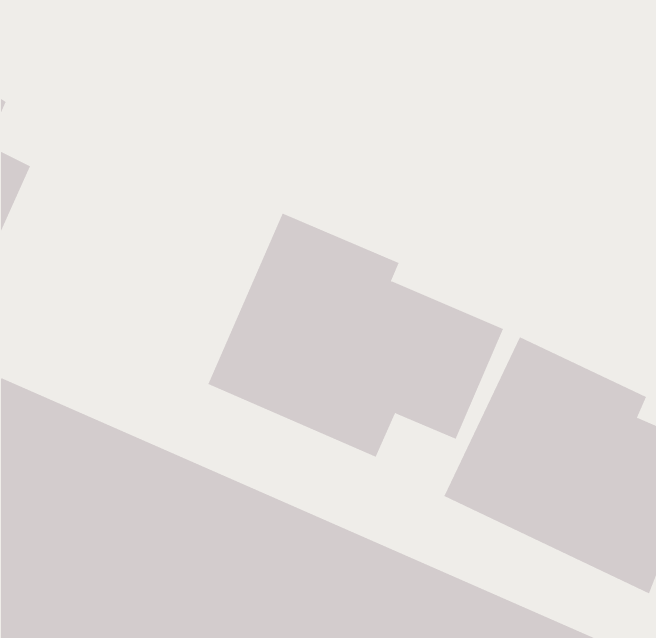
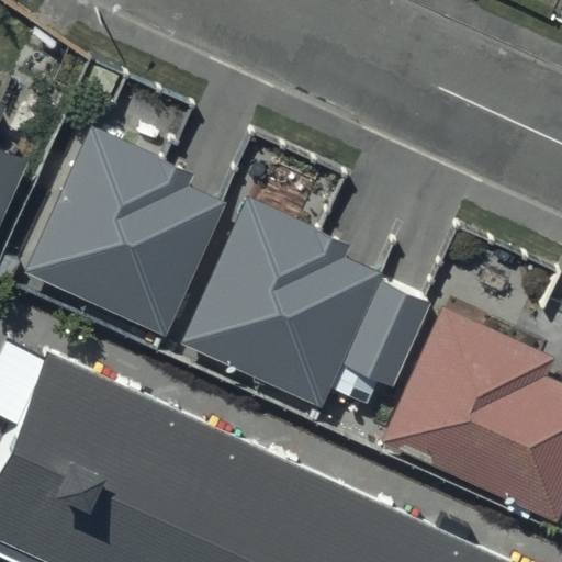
building: none -> [24,126,226,337]

